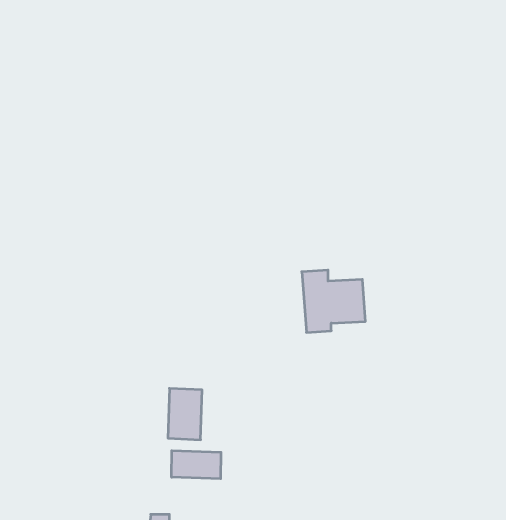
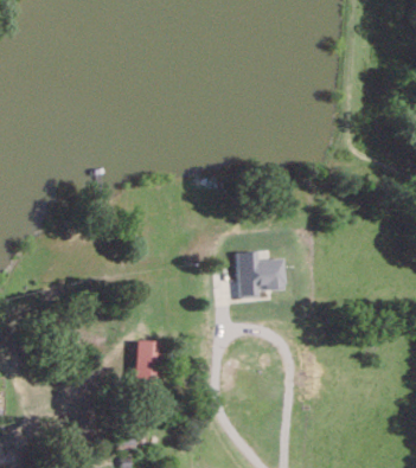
building: [172,451,221,479] -> none

